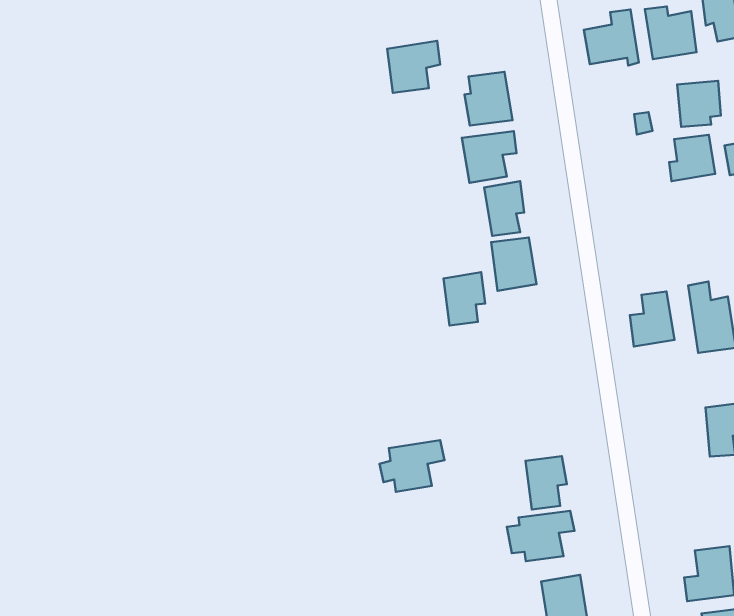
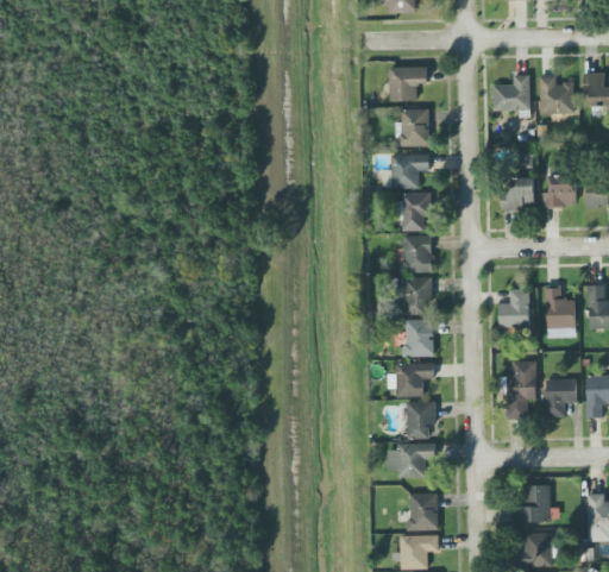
building: [387,41,440,93] -> [390,67,428,101]
building: [677,81,721,127] -> [503,177,535,210]
building: [444,272,485,325] -> [404,277,433,314]
building: none -> [404,320,434,357]
building: none -> [507,362,536,420]
building: [380,440,444,492] -> [388,363,437,397]

